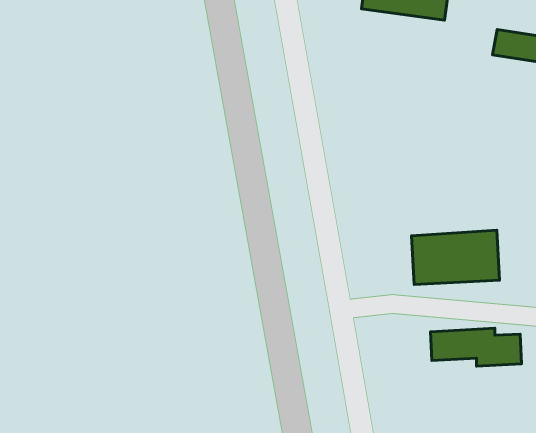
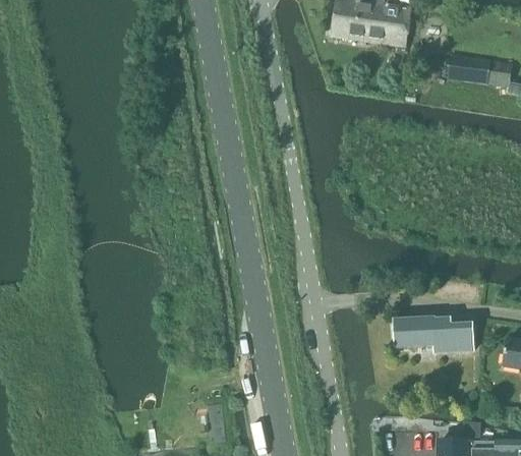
building: [412,230,499,284] -> none

